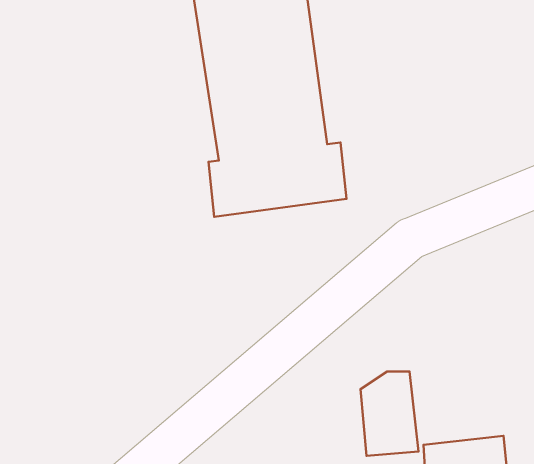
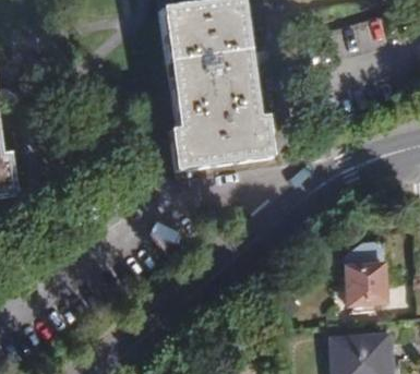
building: [361,371,418,456] -> [345,243,387,305]

